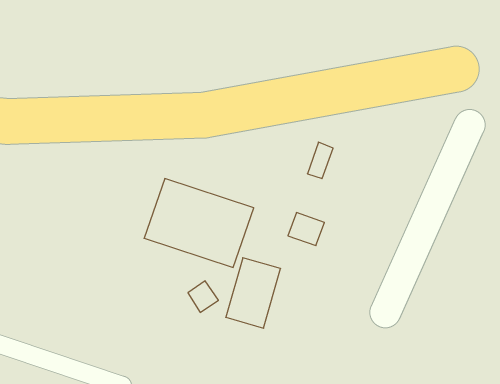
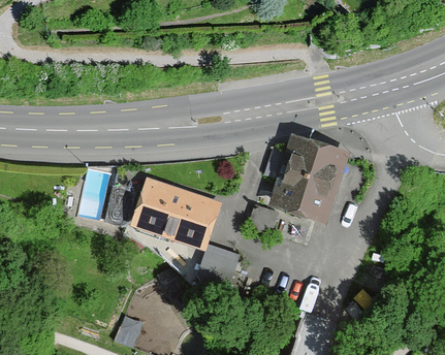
building: none -> [282,141,344,214]

